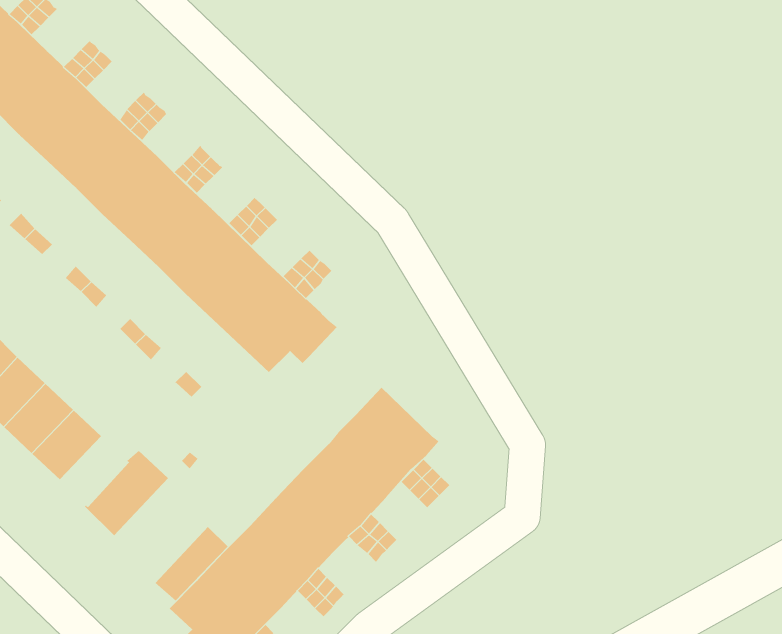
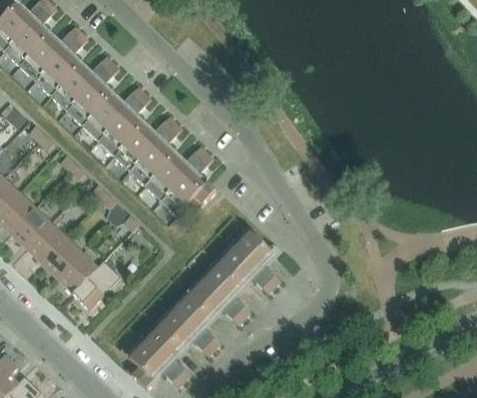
building: none -> [57,252,96,292]
building: [154,526,229,602] -> none

